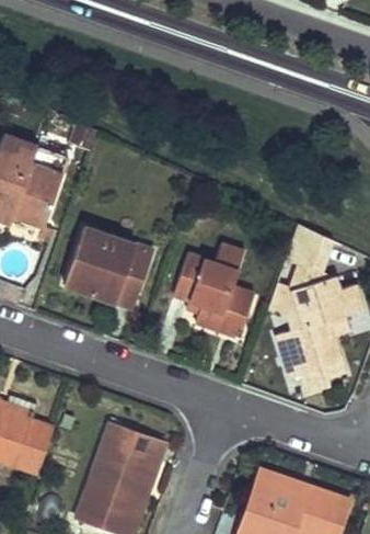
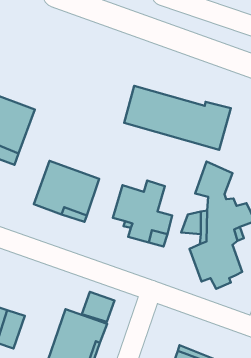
building: none -> [124,86,231,150]
building: none -> [82,292,114,322]

